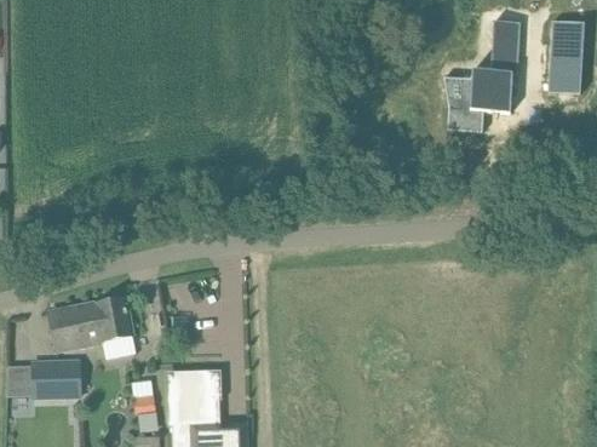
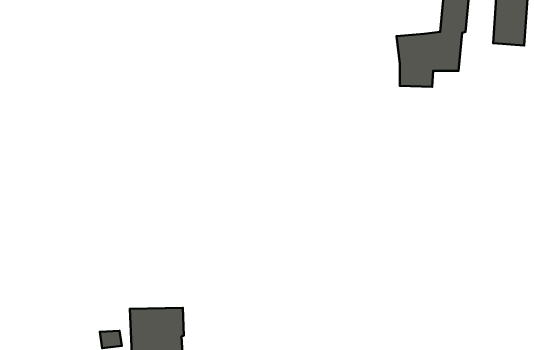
building: [47,297,134,357] -> none
building: [33,359,79,399] -> none

